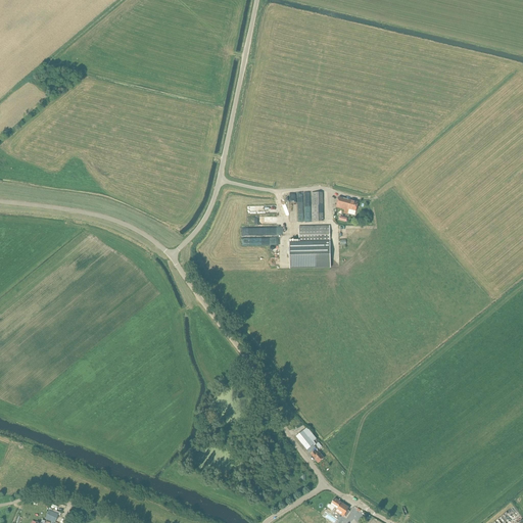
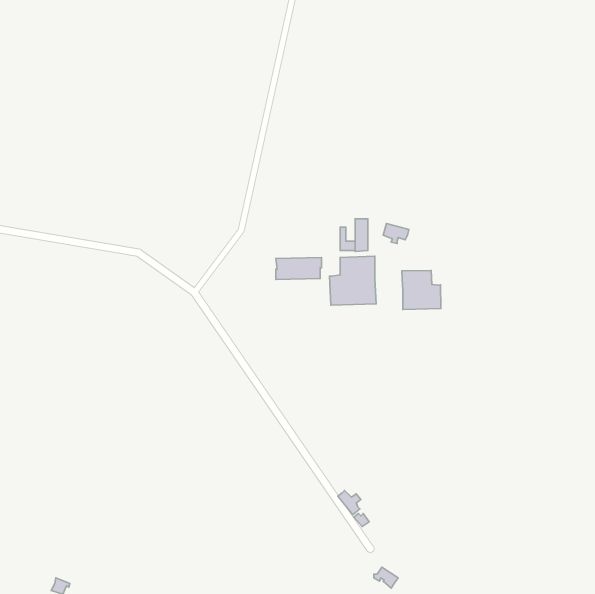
building: none -> [402,270,441,309]

